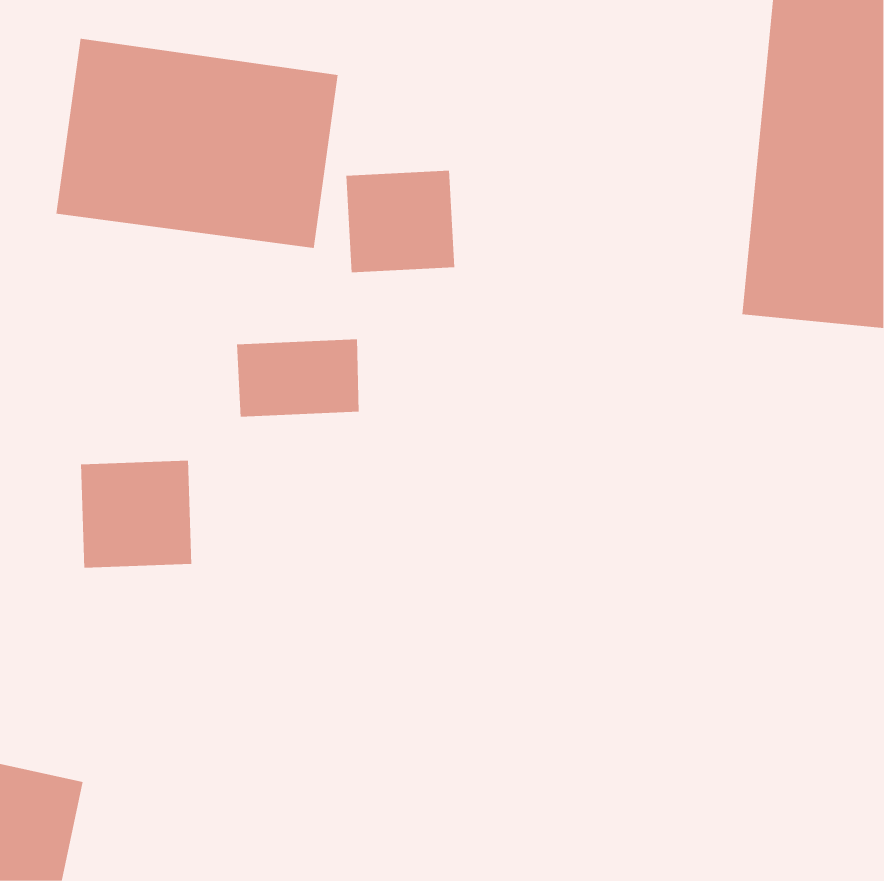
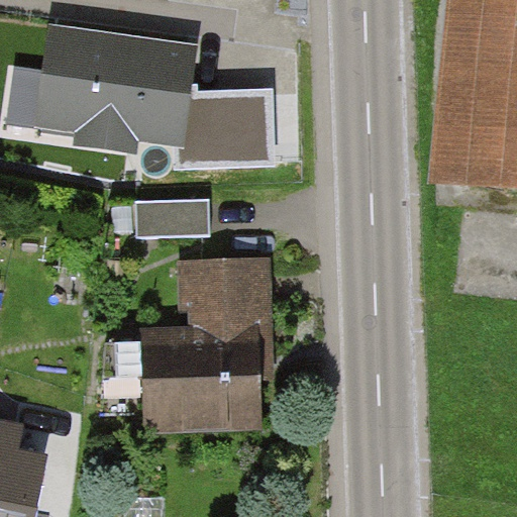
building: none -> [145,264,269,429]
building: [80,460,192,569] -> none

